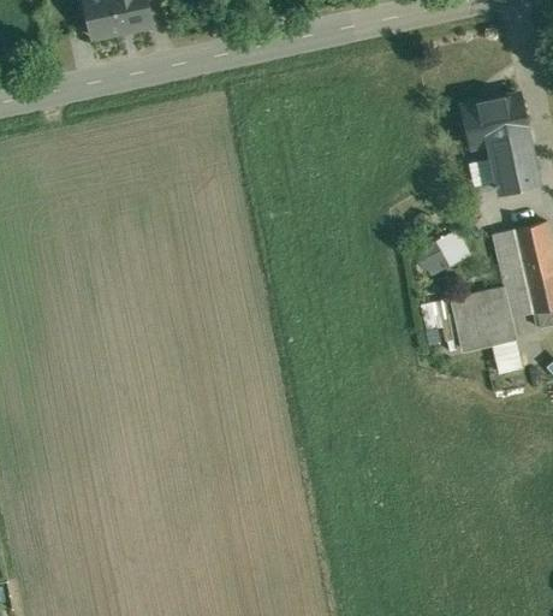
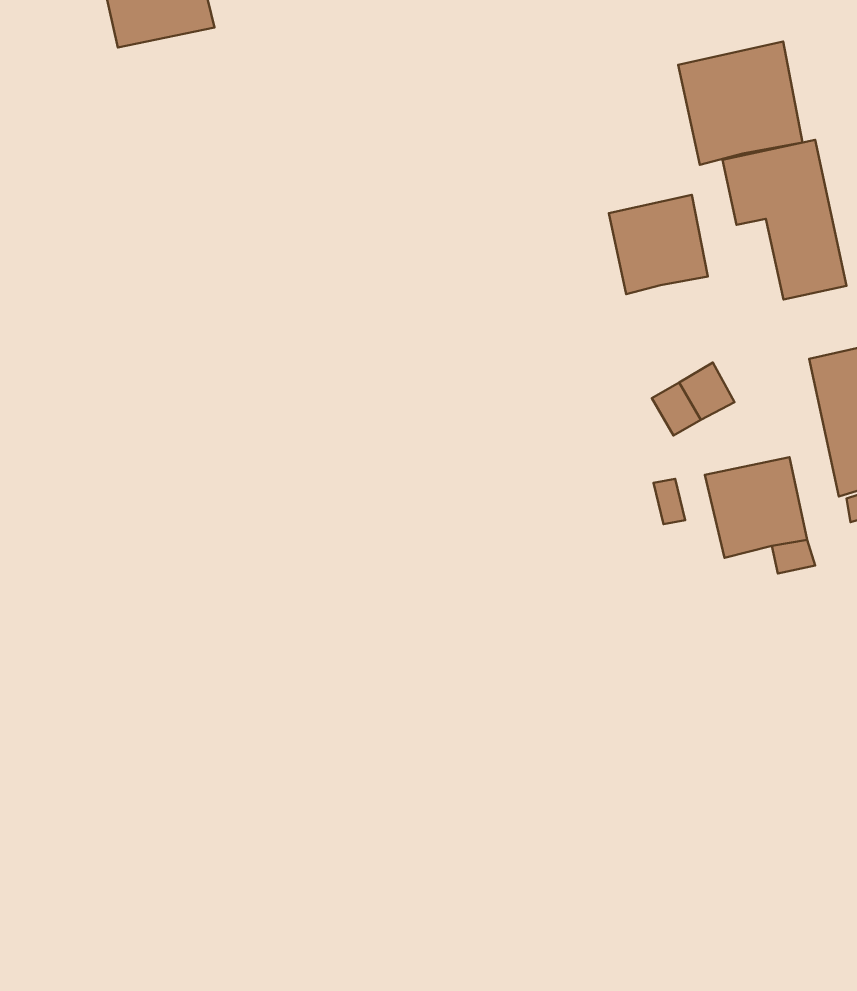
building: none -> [678,42,802,165]
building: none -> [609,195,708,294]
building: [493,227,533,316] -> none

